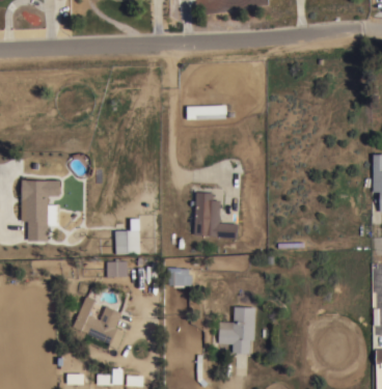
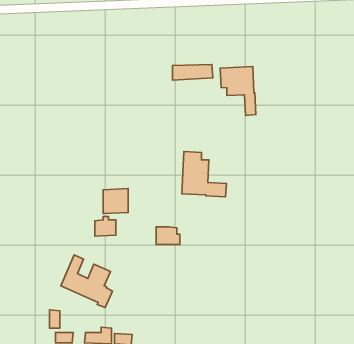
building: none -> [220,67,256,115]
building: [21,179,60,241] -> none
building: [219,306,255,353] -> none

